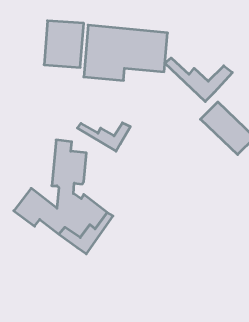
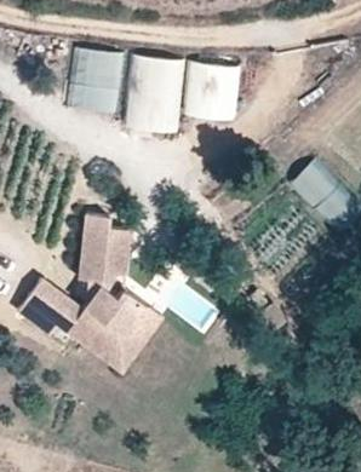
building: [165,58,232,102] -> none
building: [77,123,130,151] -> none

